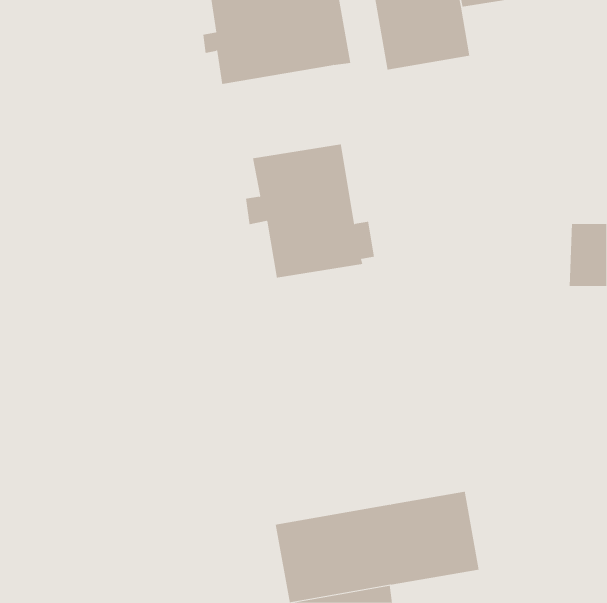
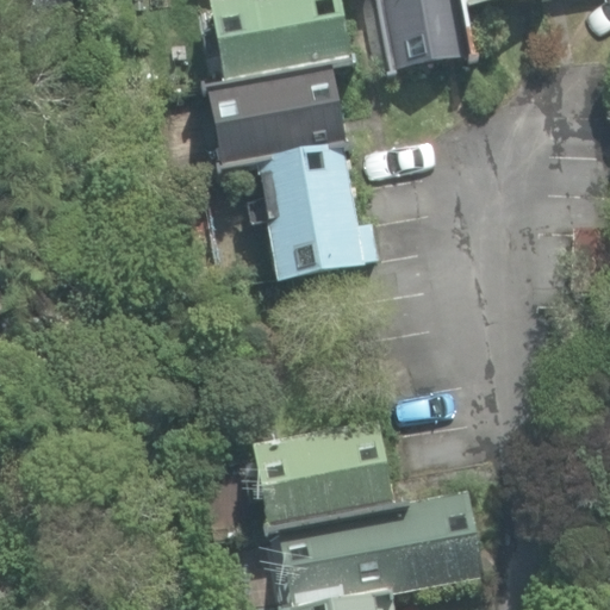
building: none -> [198,66,347,164]
building: none -> [250,418,391,528]

